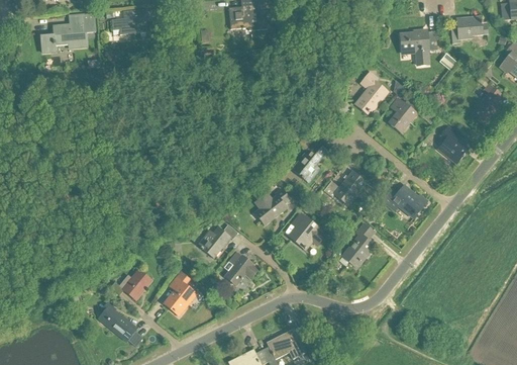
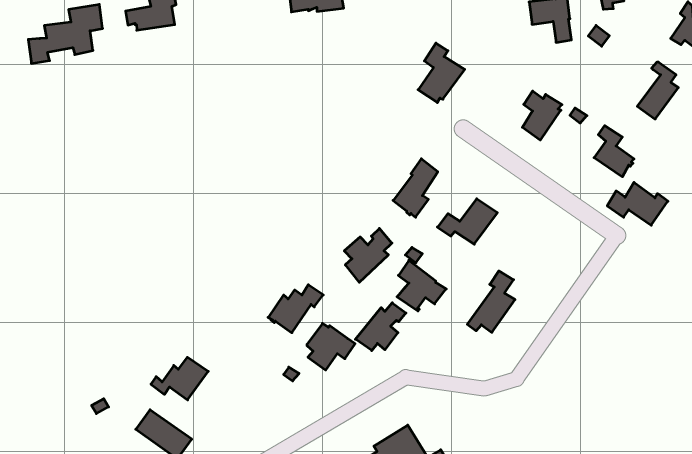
building: [354,71,389,113] -> [418,43,465,103]
building: [384,185,427,216] -> [607,182,668,225]
building: none -> [355,303,406,351]
building: [165,272,196,314] -> none

